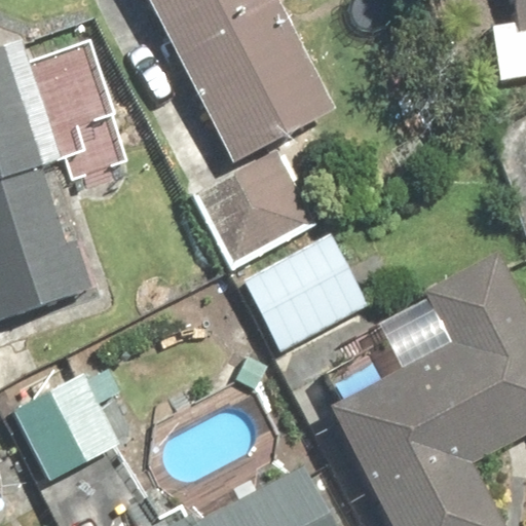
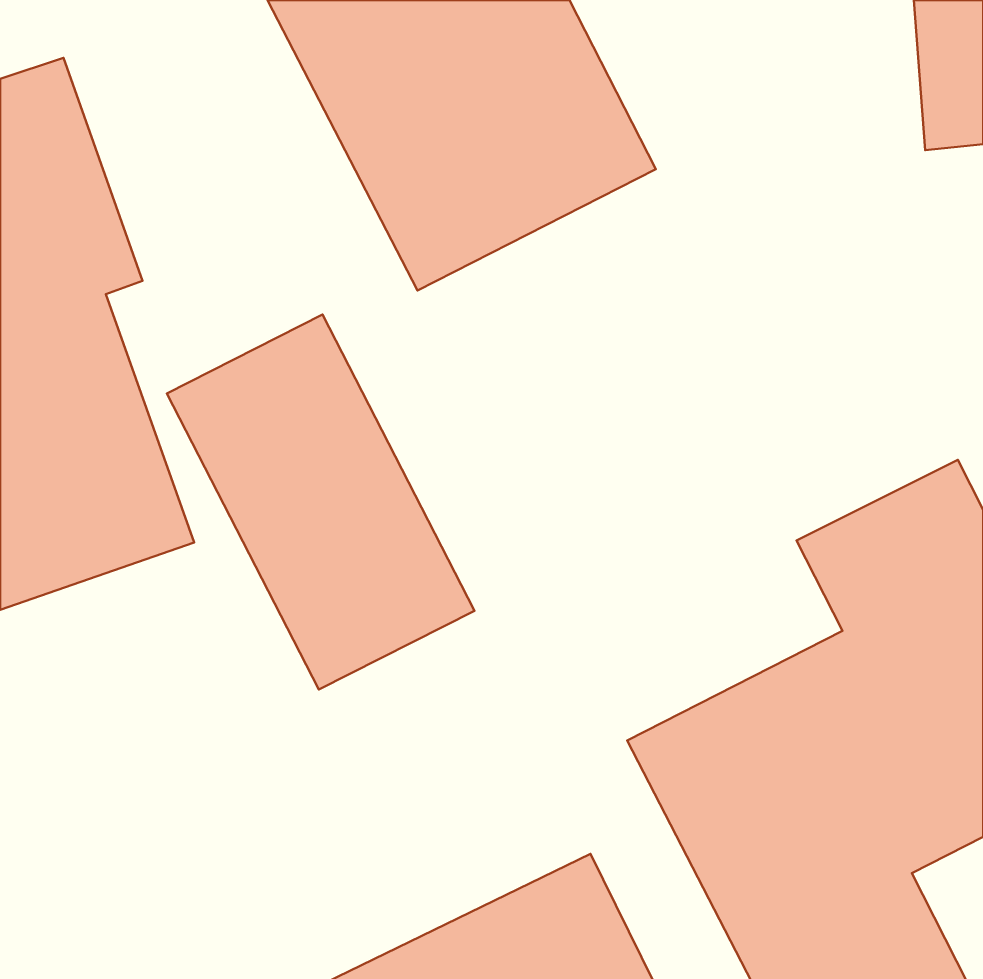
building: [200,155,365,355] -> [167,315,475,690]
building: [9,371,114,474] -> none

